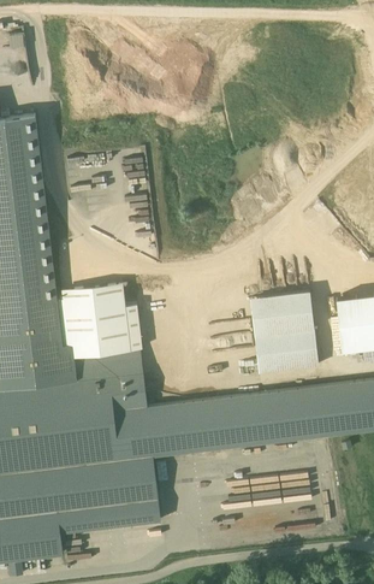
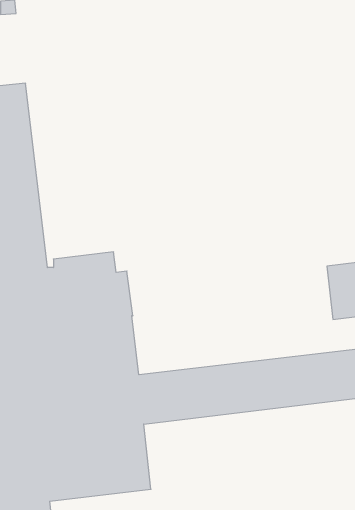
building: [249,290,317,373] -> none

